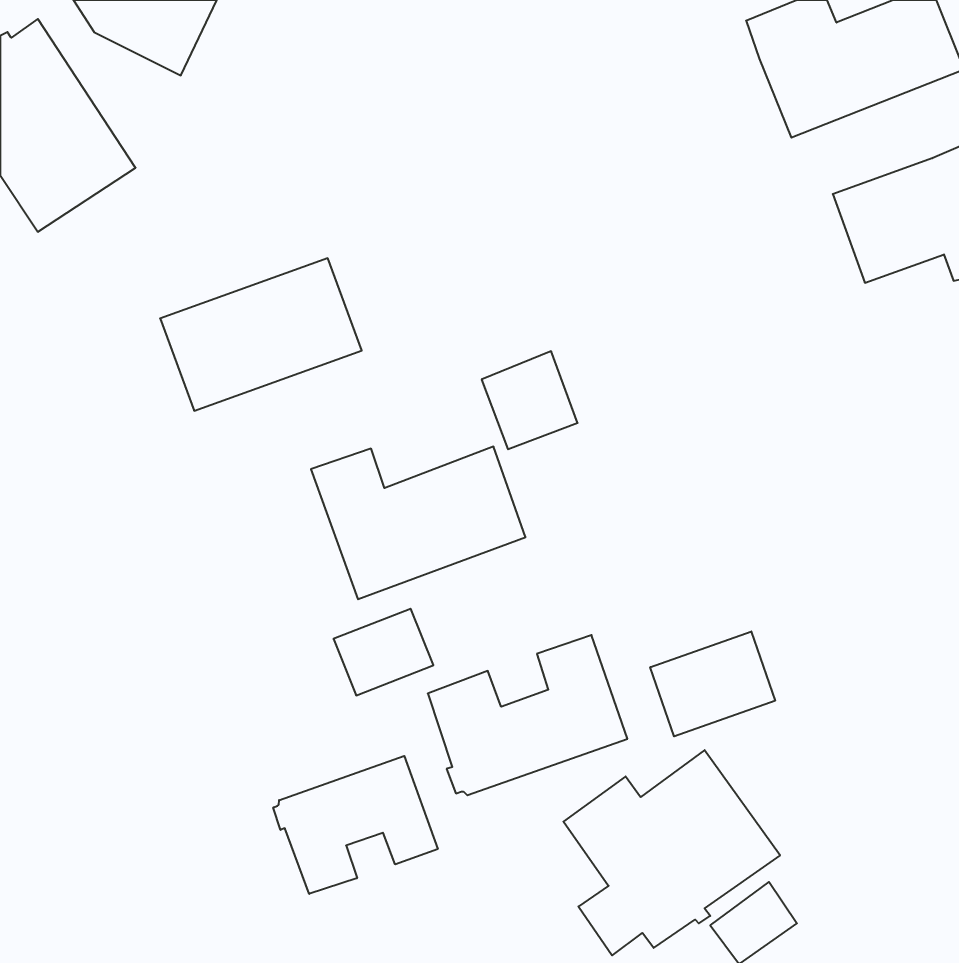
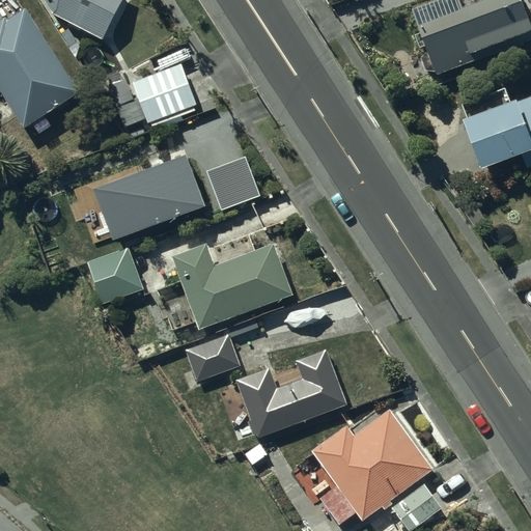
building: none -> [130,55,195,118]
building: [482,351,578,449] -> [207,149,260,203]
building: none -> [88,250,142,304]
building: [650,631,775,736] -> none
building: [273,756,438,894] -> none

